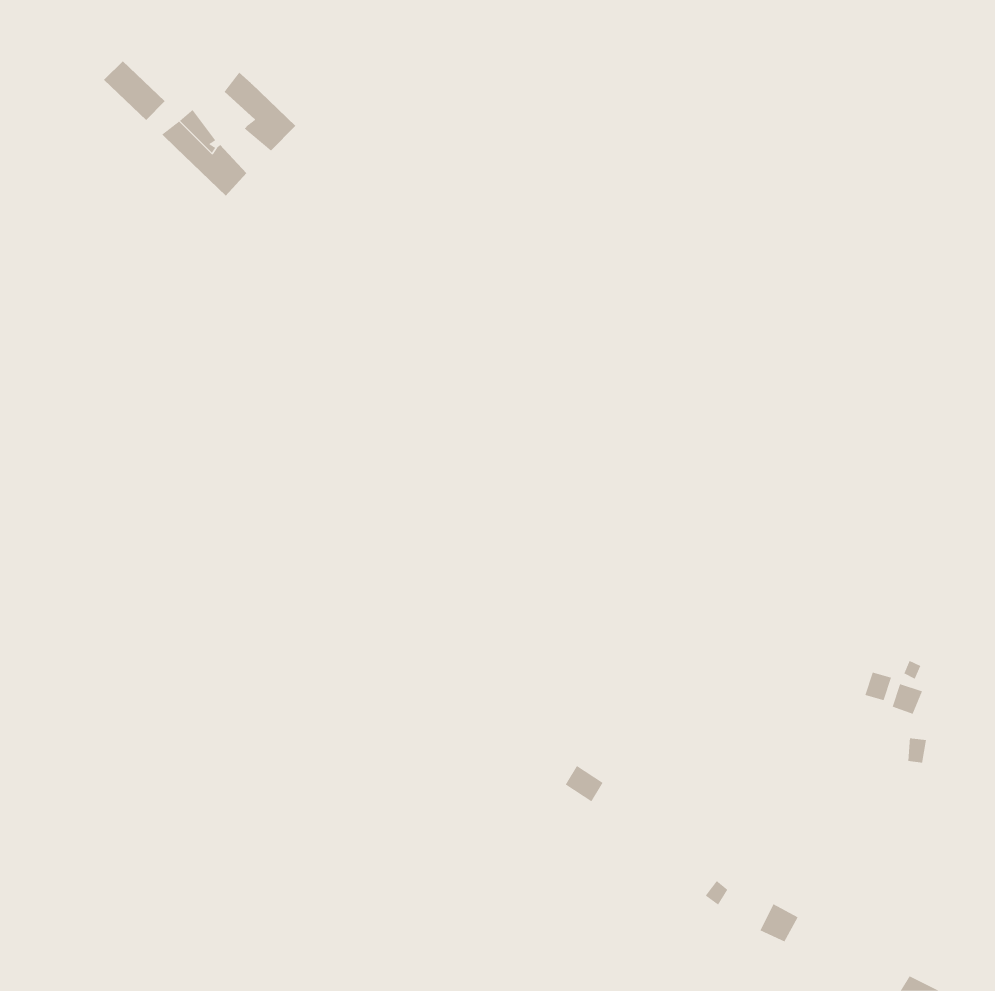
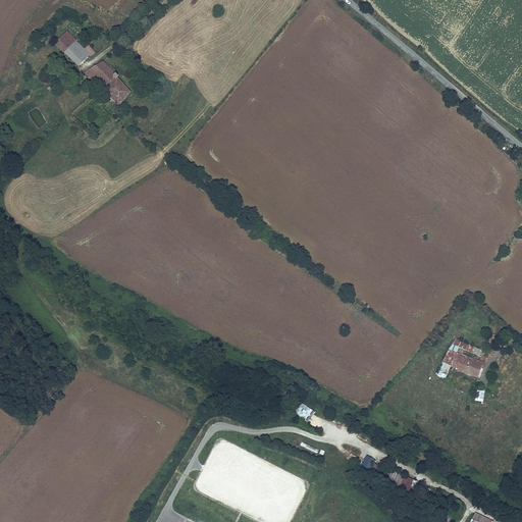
building: [224,72,296,151] -> none

